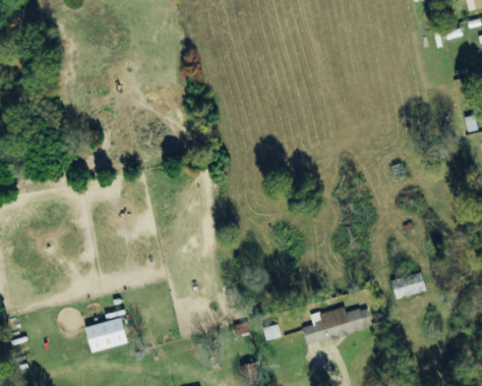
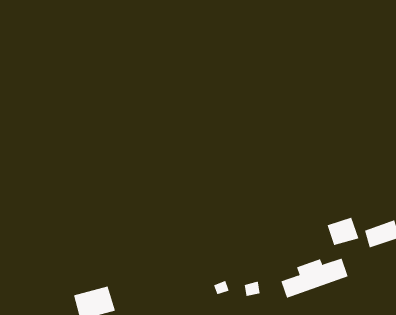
building: none -> [327,217,359,246]

